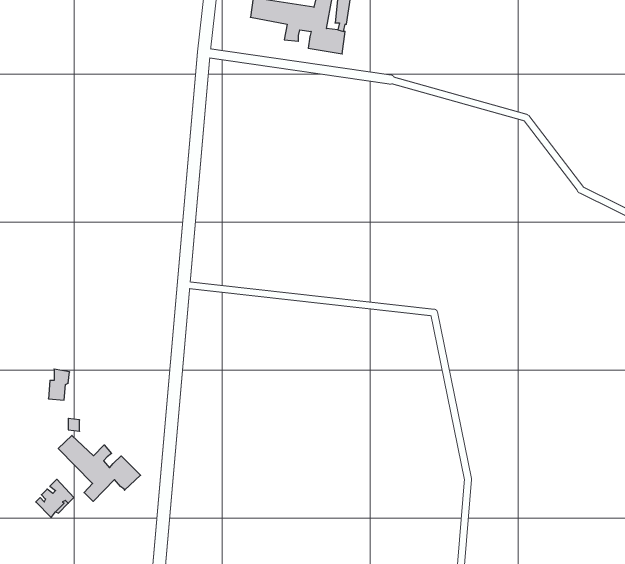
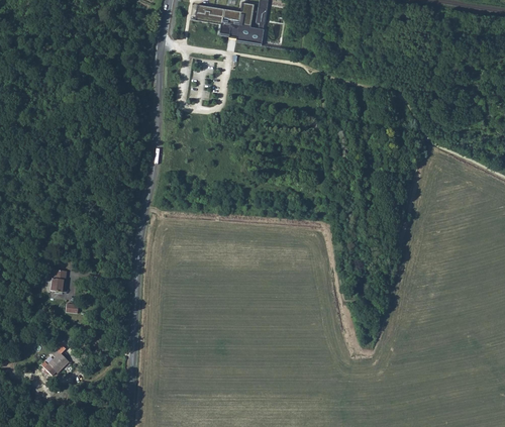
building: [58,435,141,501] -> none

